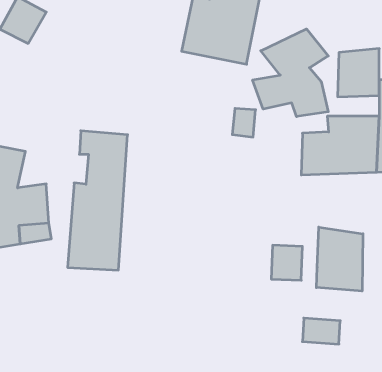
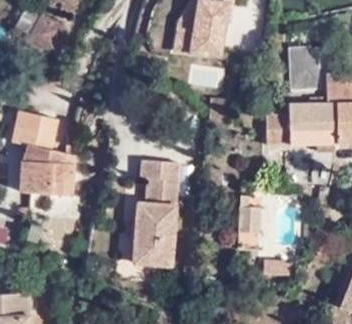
building: [253,29,328,117] -> none
building: [68,131,128,270] -> [134,157,180,264]
building: [316,227,363,291] -> none

